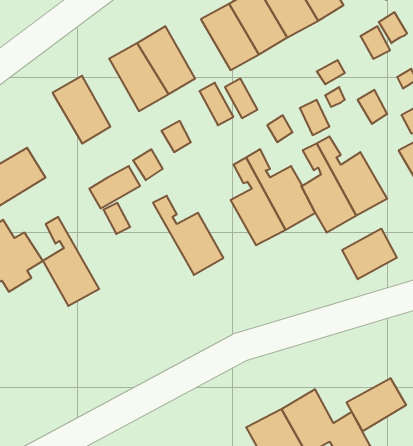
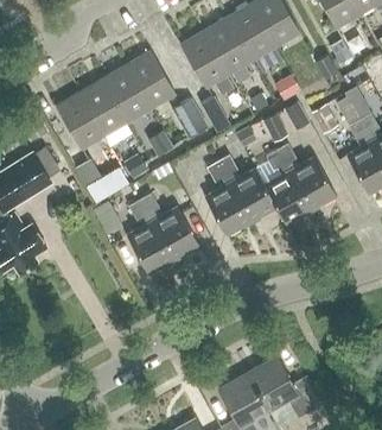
building: none -> [81,78,128,135]
building: [43,217,99,306] -> [127,200,174,274]
building: [342,229,397,279] -> none
building: [347,378,406,431] -> none

